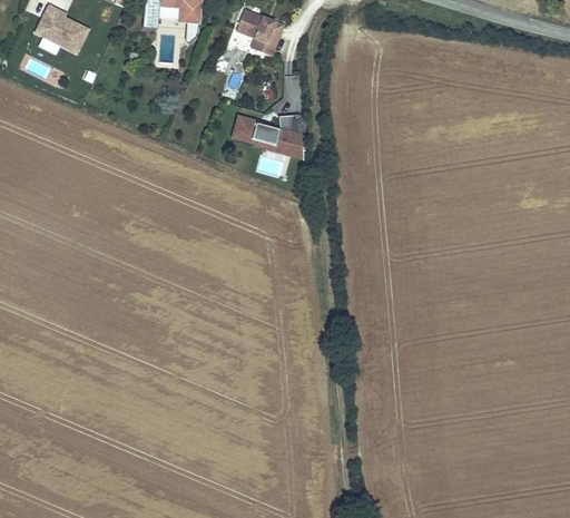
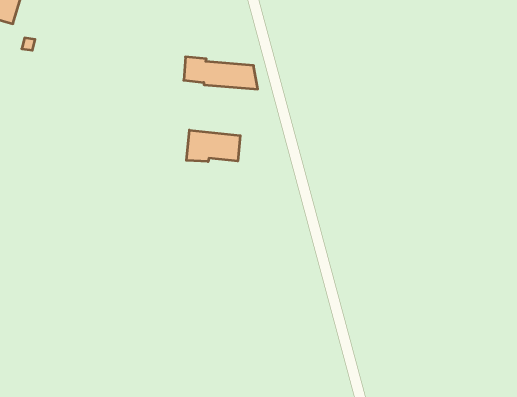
building: none -> [186,130,240,162]

